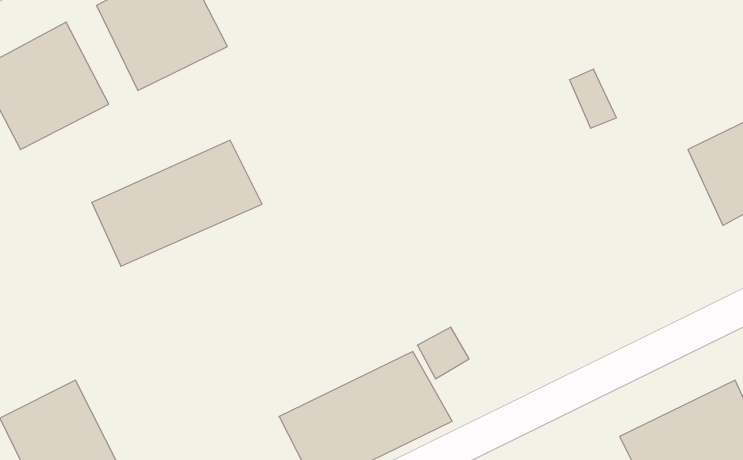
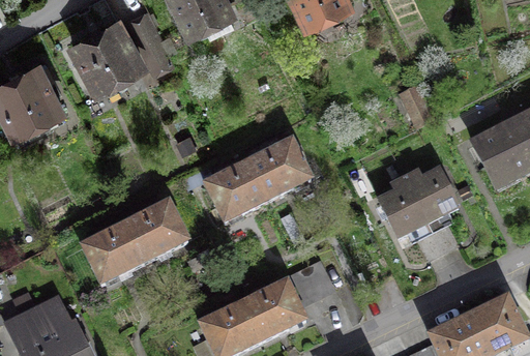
building: [92,140,262,266] -> [79,199,195,285]
building: none -> [201,142,311,226]
building: none -> [374,161,455,232]

